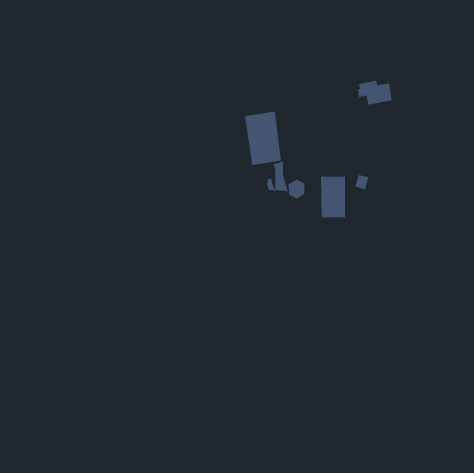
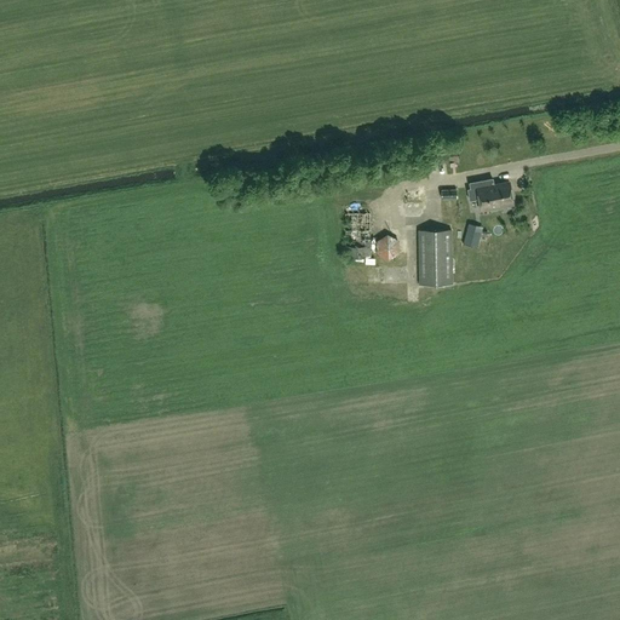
building: [357,80,393,105] -> [467,179,513,212]
building: [244,111,282,166] -> none

